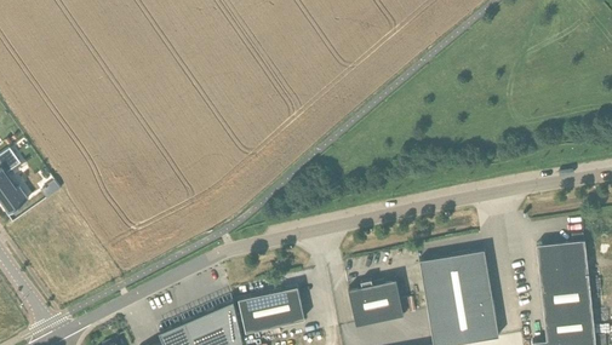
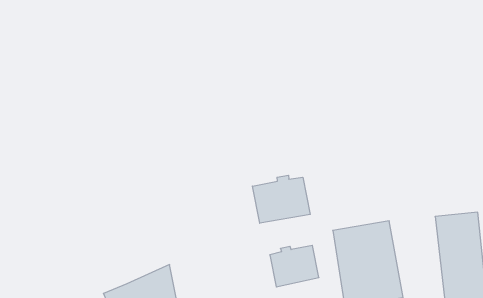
building: none -> [252,175,310,223]
building: [239,288,304,334] -> none

